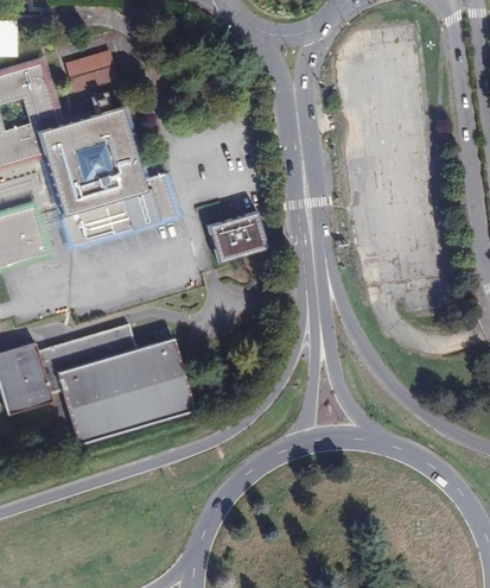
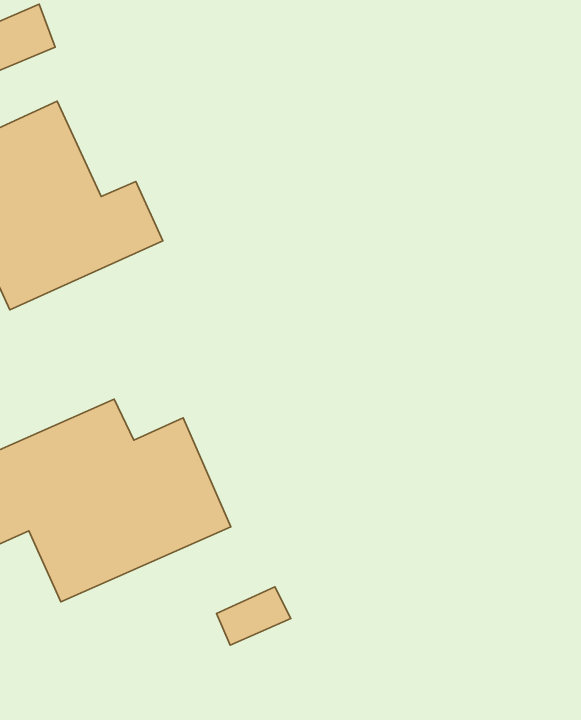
building: [206,214,266,264] -> none
building: none -> [216,587,291,645]

